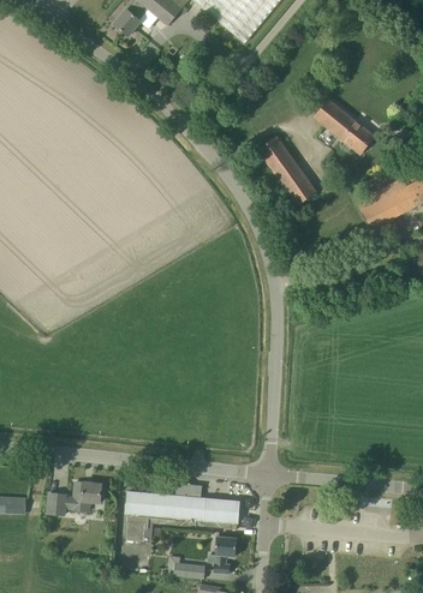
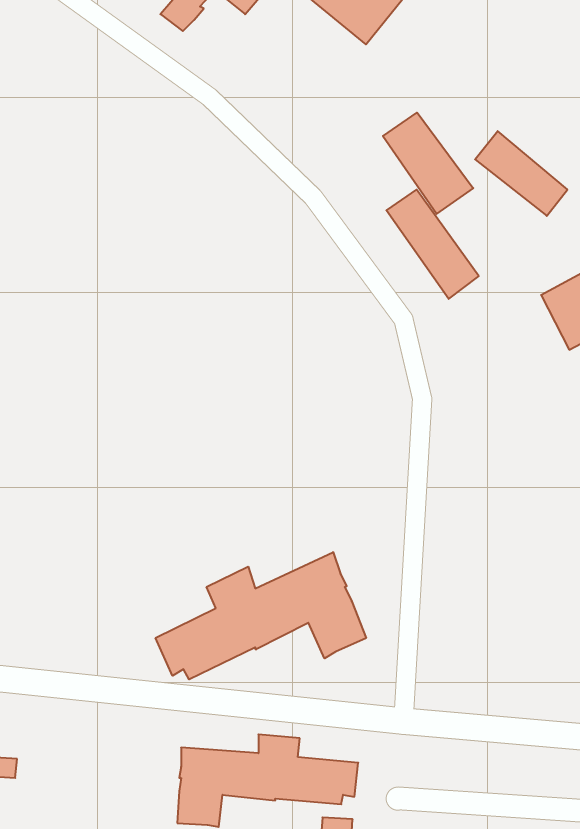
building: none -> [383,113,473,214]
building: none -> [156,552,366,679]
building: [47,481,102,514] -> none

